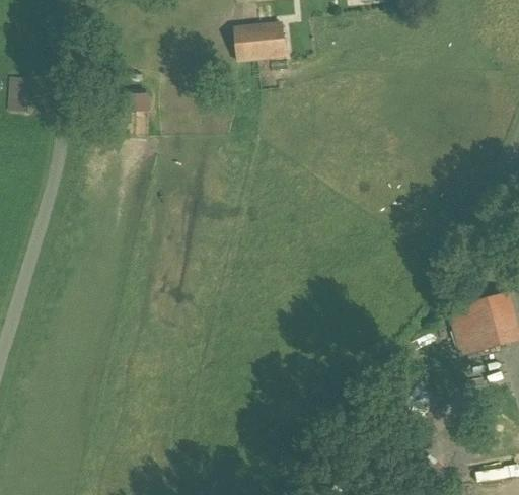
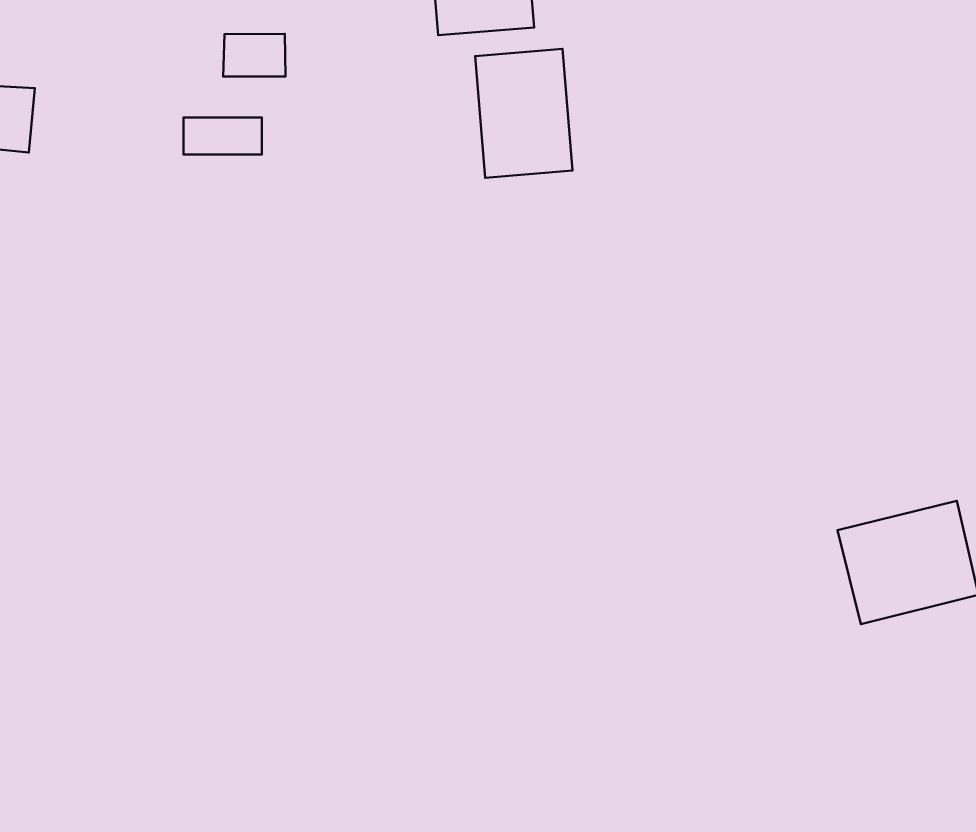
building: none -> [223,34,285,77]
building: none -> [475,49,573,178]

